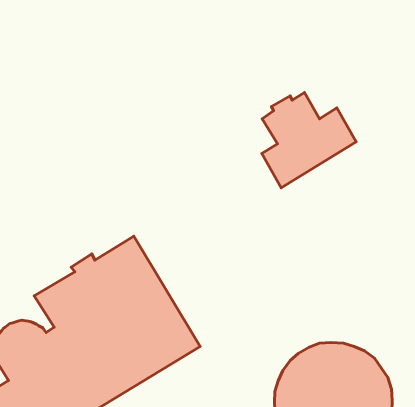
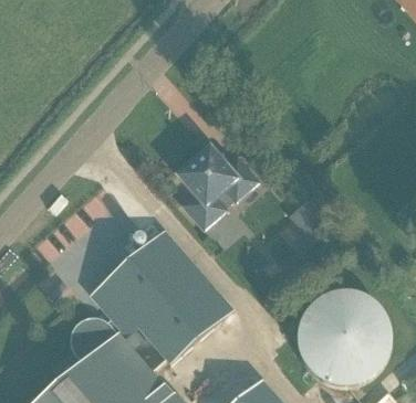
building: [262,93,356,188] -> [179,150,257,229]

